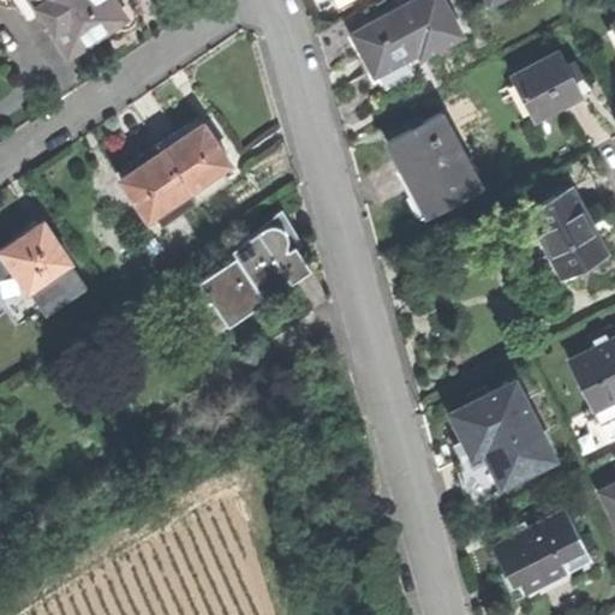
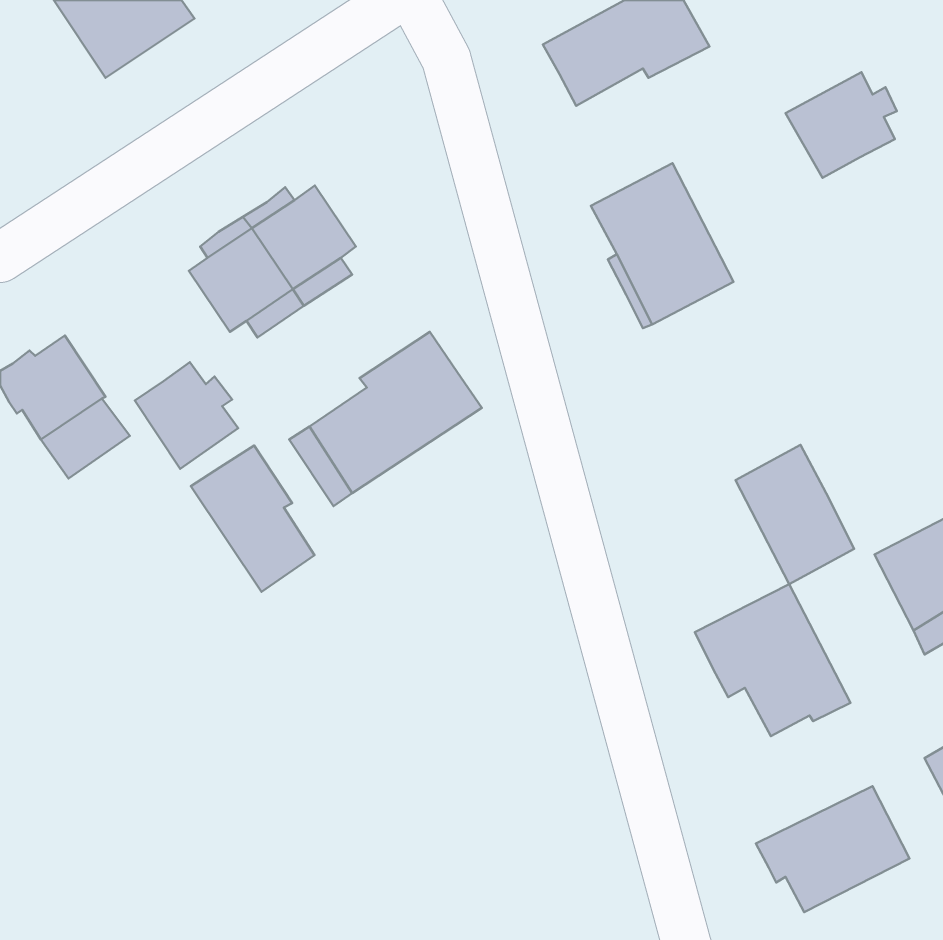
building: [530,191,607,281] -> [736,445,854,584]
building: none -> [135,362,238,469]
building: none -> [191,446,315,592]

